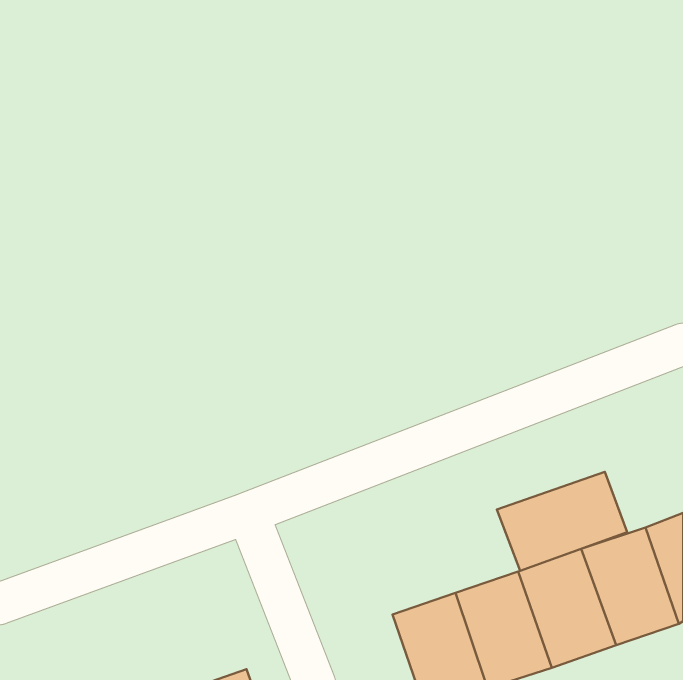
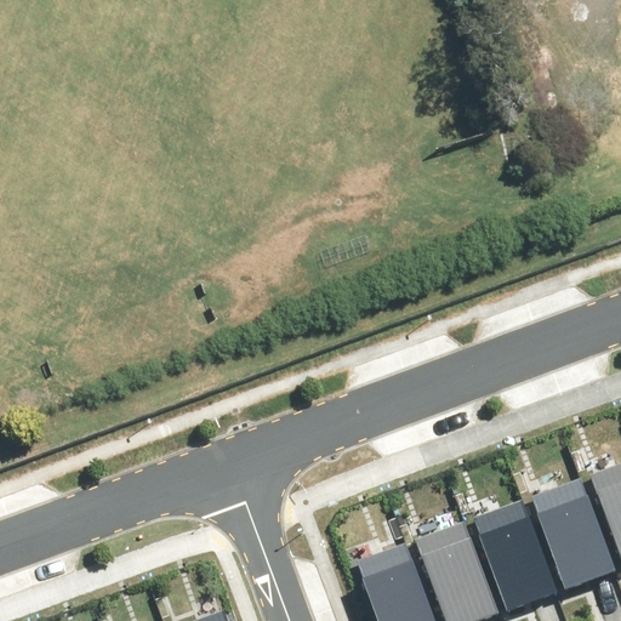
building: [497,472,627,571] -> none

